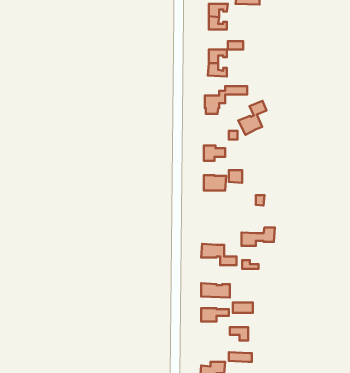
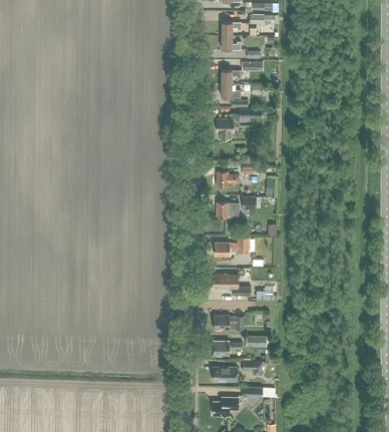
building: [238,101,267,135] -> none
building: [241,228,275,246] -> [214,237,249,256]
building: none -> [212,367,237,381]

